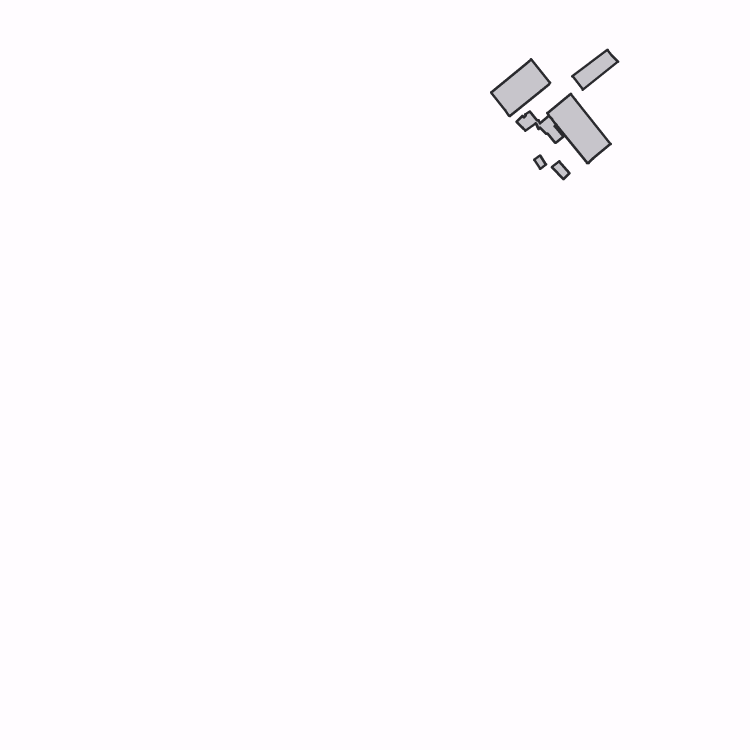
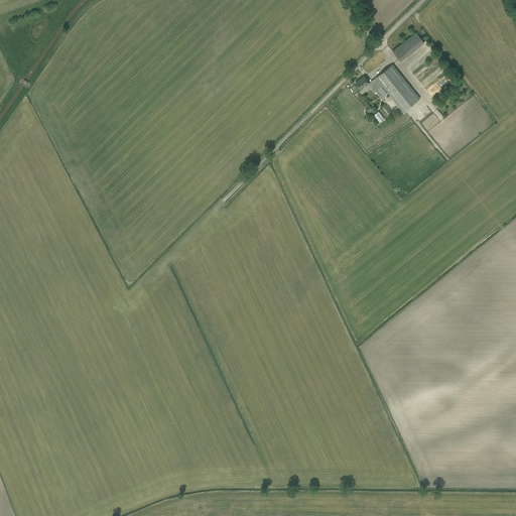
building: [491,59,550,116] -> none

